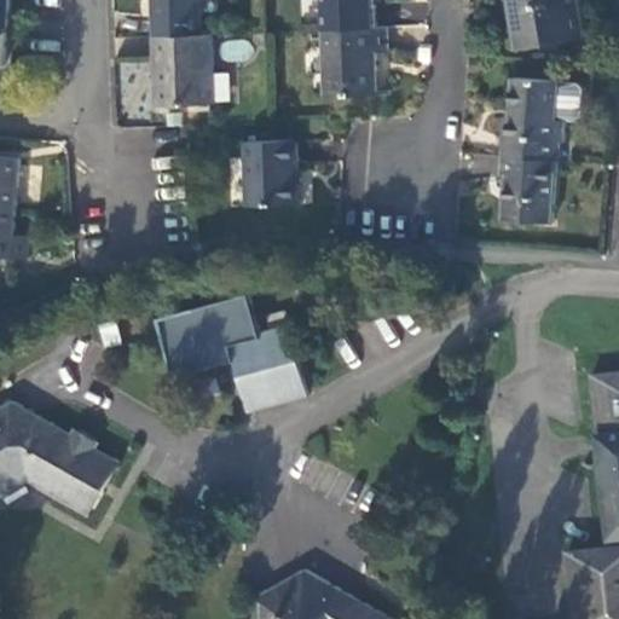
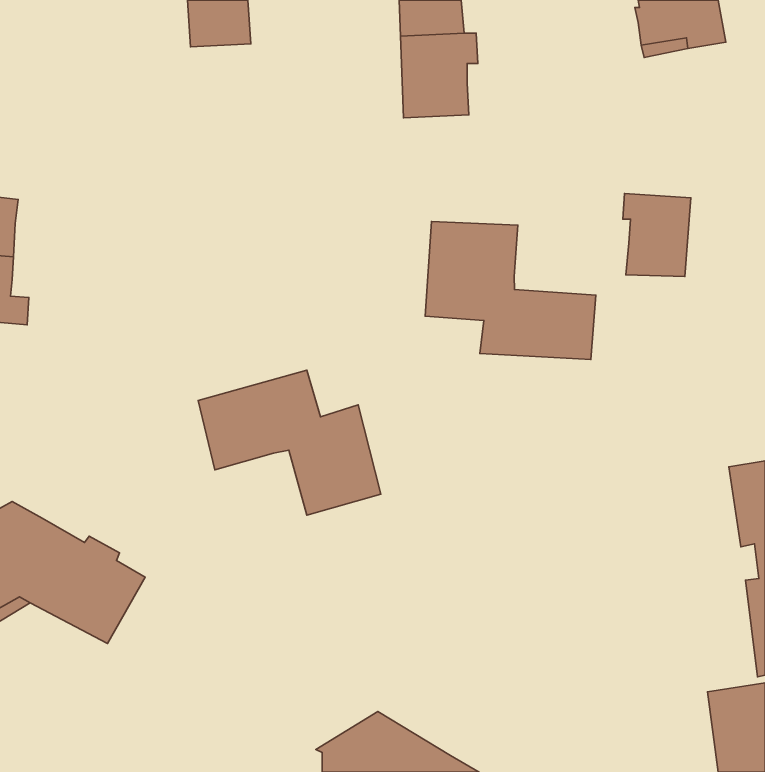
building: [152,34,212,105] -> none
building: [499,77,580,158] -> none
building: [245,140,301,204] -> none
building: none -> [425,222,596,359]

